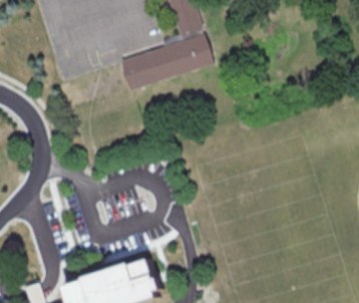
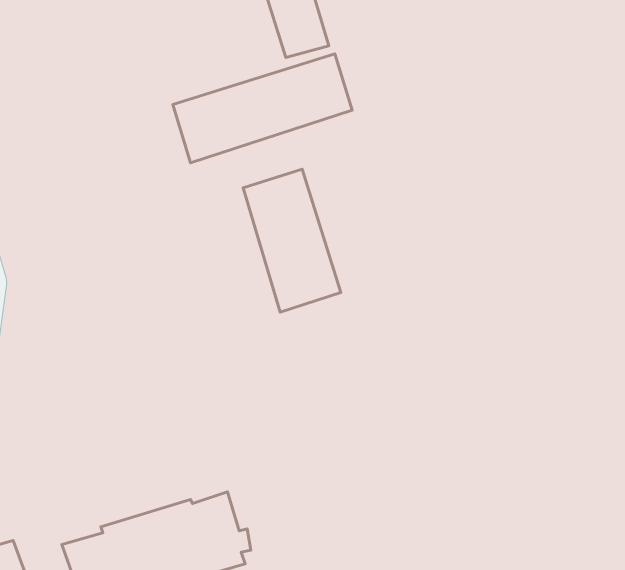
building: none -> [243,169,341,312]

